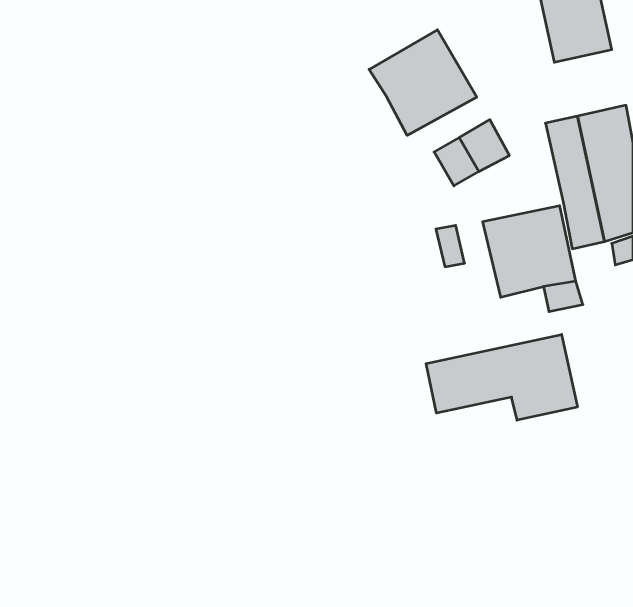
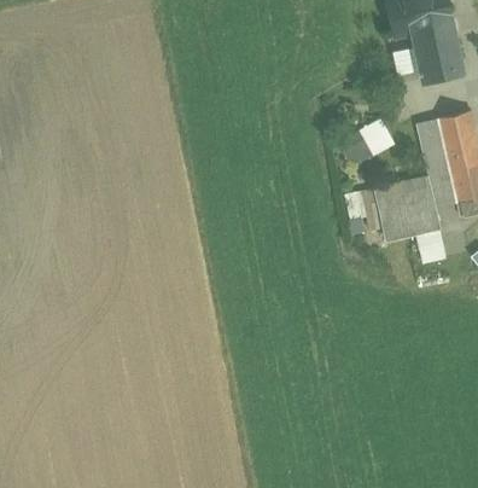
building: [369,30,477,135] -> none
building: [426,334,577,420] -> none

